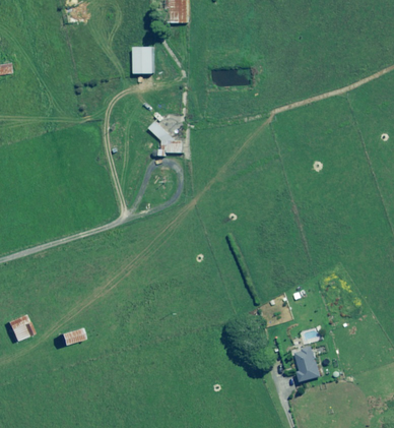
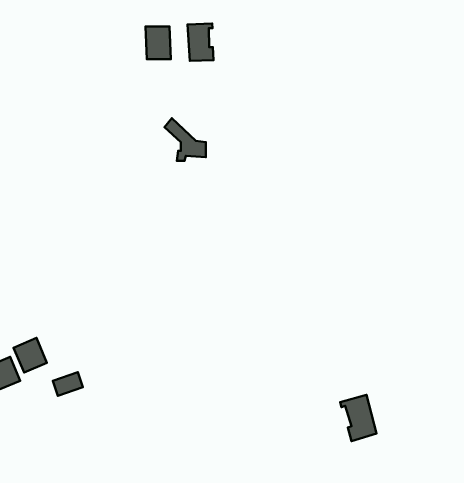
building: none -> [187,24,213,61]
building: none -> [14,338,47,373]

